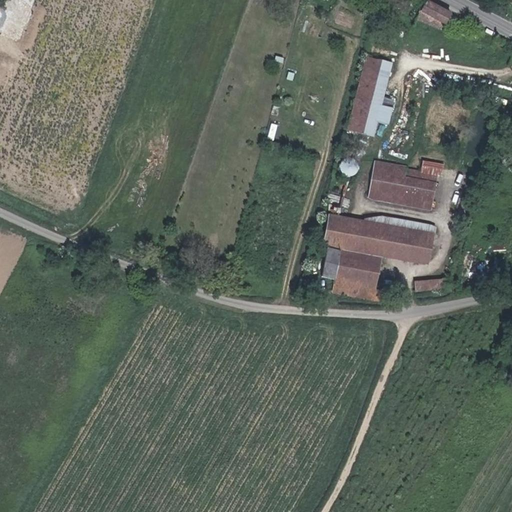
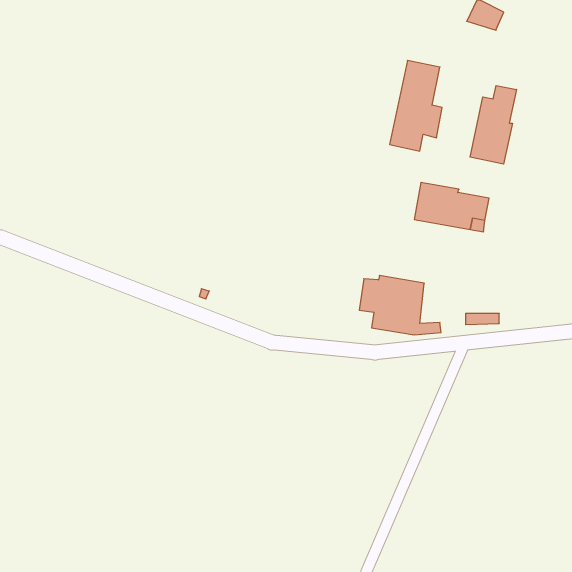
building: none -> [470,86,516,164]
building: [321,214,433,261] -> none

